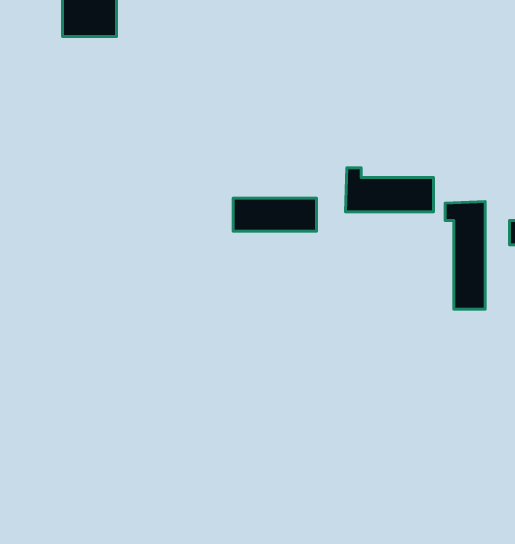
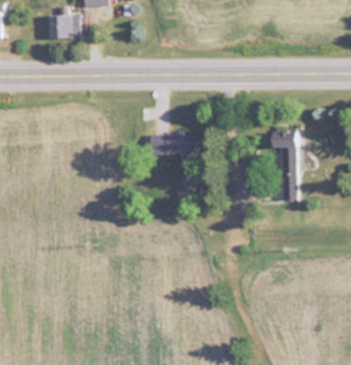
building: [345,168,434,212] -> none

